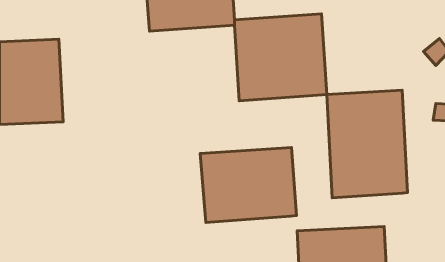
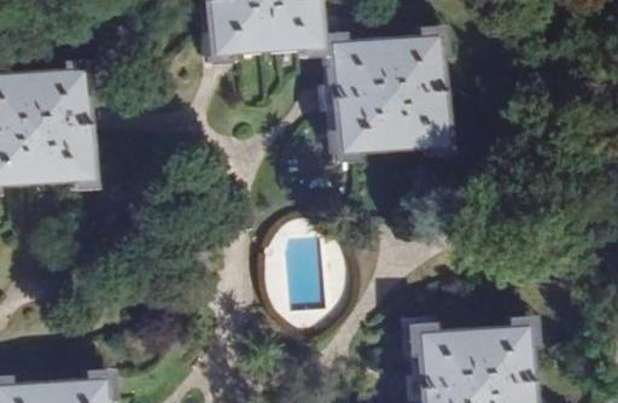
building: [327,90,407,198] -> none
building: [200,147,296,222] -> none

